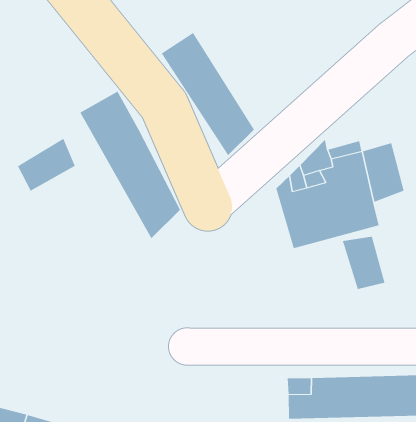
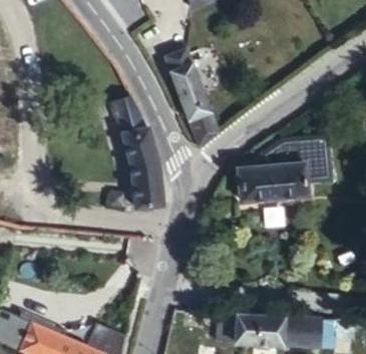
building: [17,138,75,192] -> none
building: [342,236,385,290] -> none

